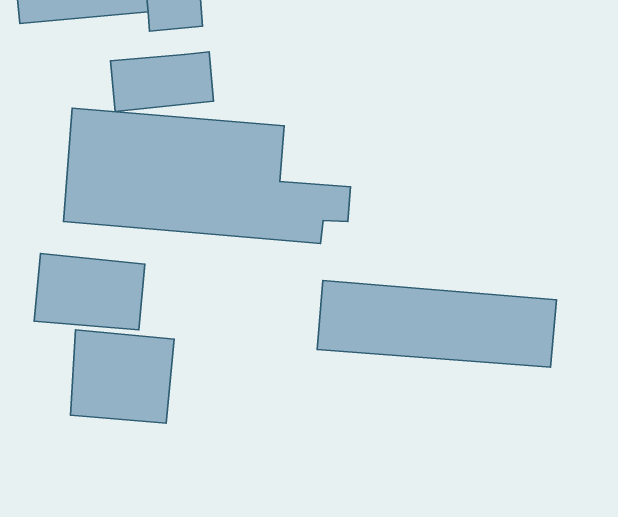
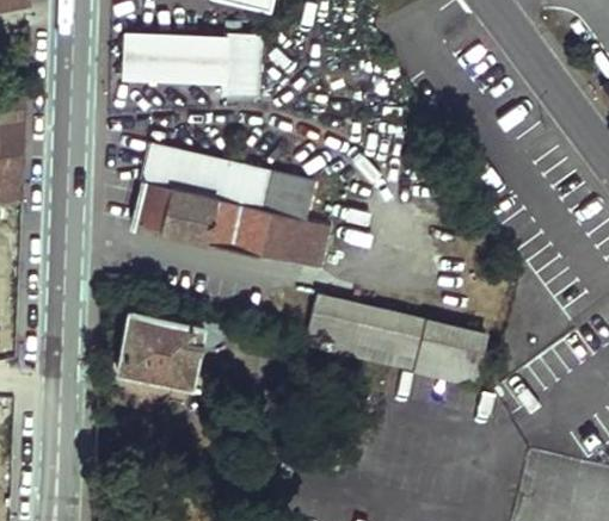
building: [111,52,213,112] -> none
building: [34,254,145,330] -> none

